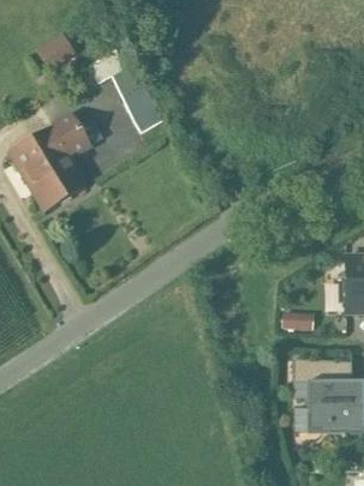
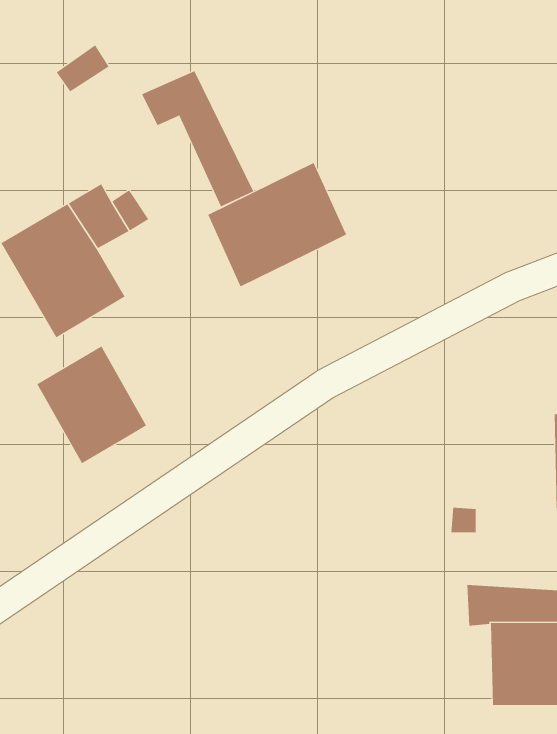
building: none -> [207,162,347,287]
building: none -> [36,345,147,464]

